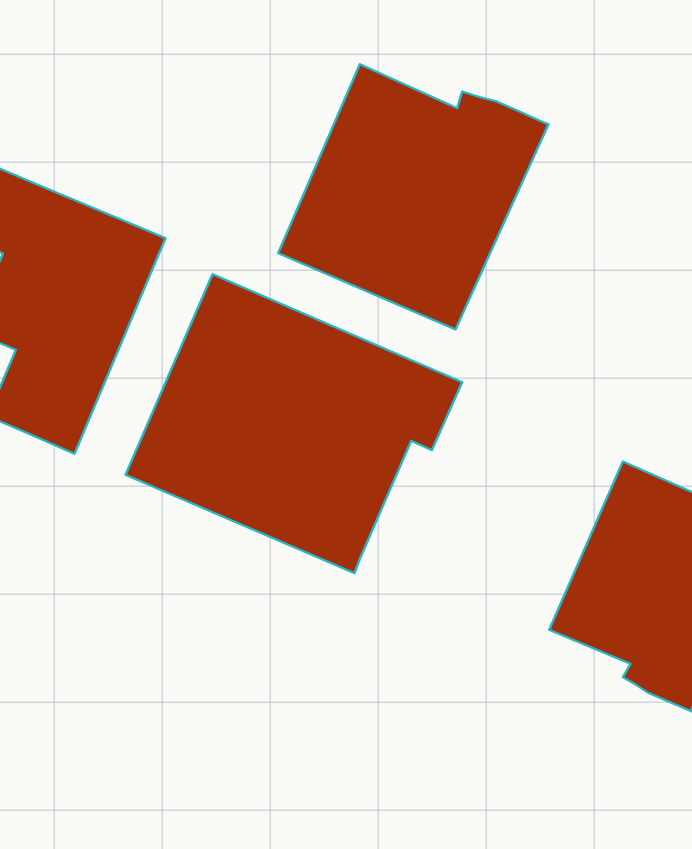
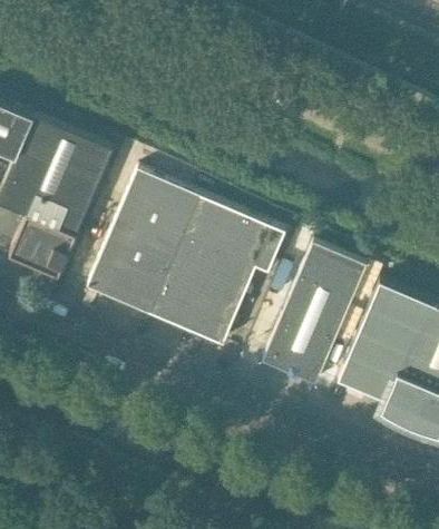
building: [278,64,549,329] -> none
building: none -> [261,245,364,385]

